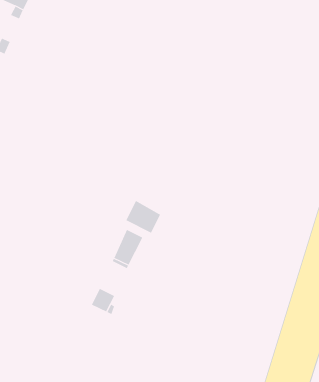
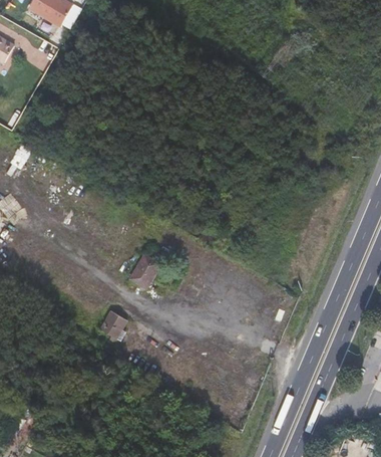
building: [125,200,161,233] -> none

